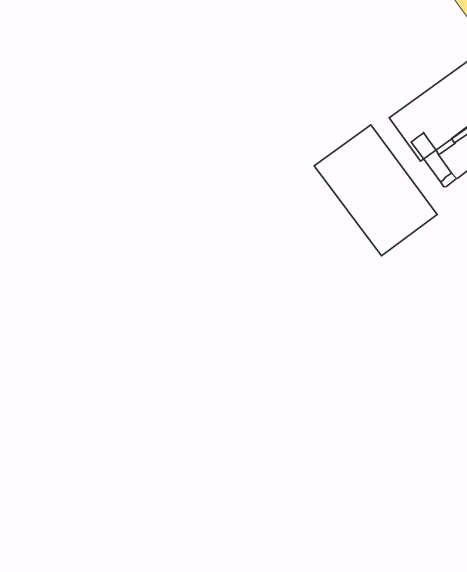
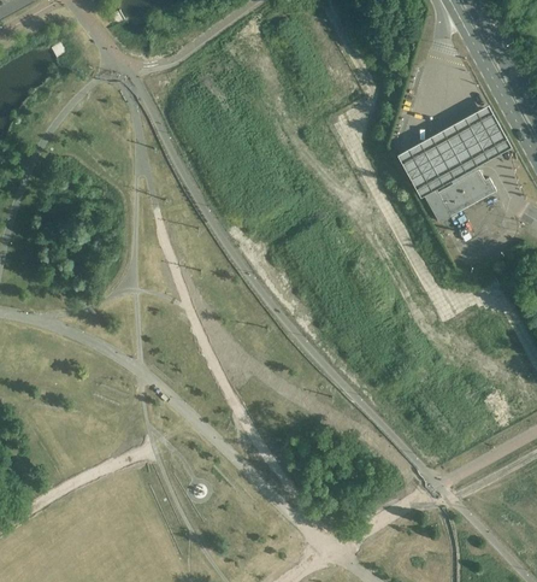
building: [314,125,437,256] -> none

